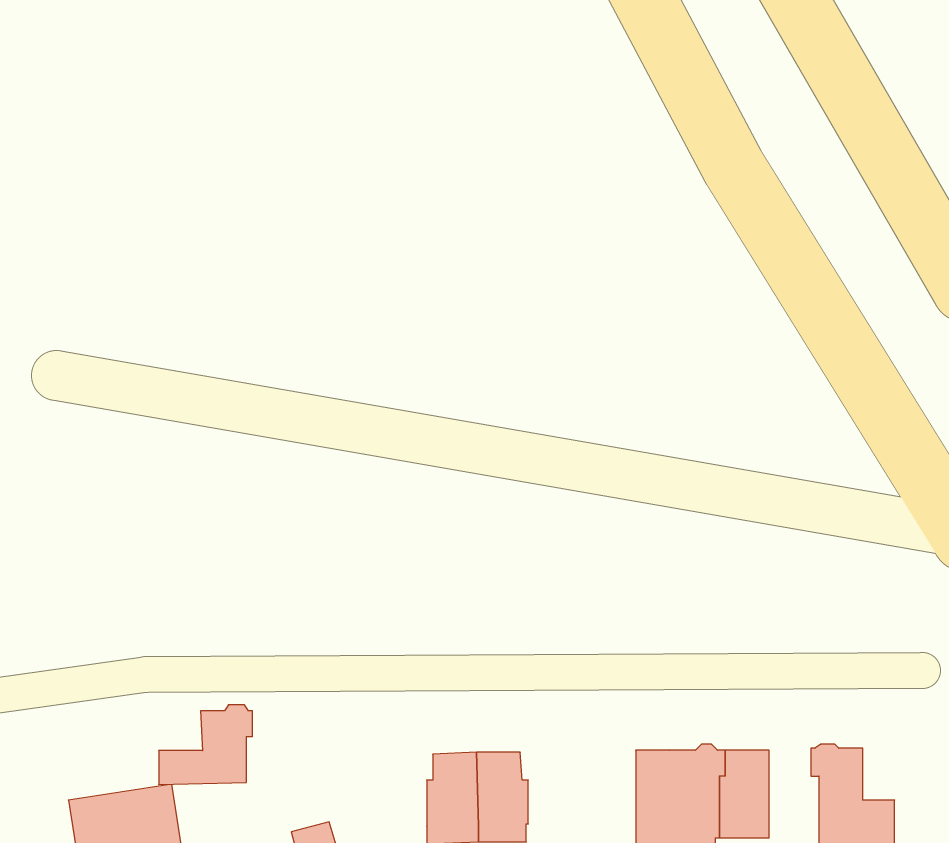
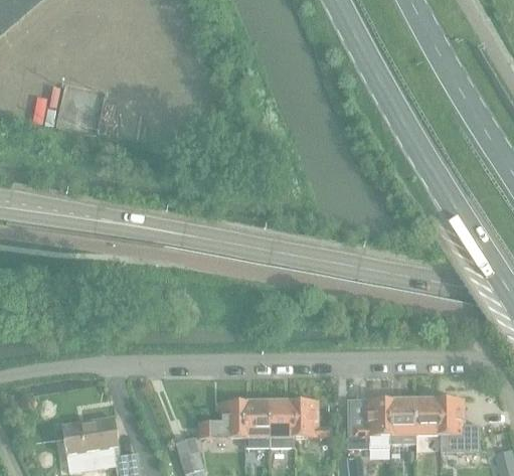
building: [159,705,252,784] -> [198,398,245,438]
building: none -> [290,396,331,436]
building: none -> [415,398,441,435]

